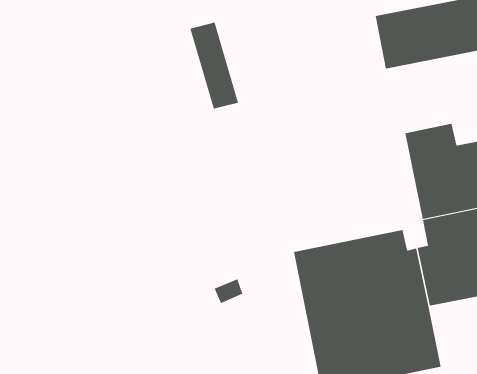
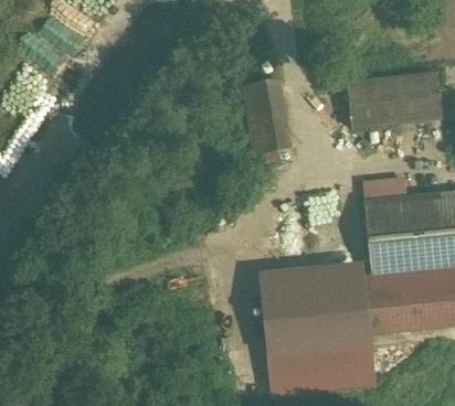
building: [189,22,239,109] -> [243,82,278,154]

